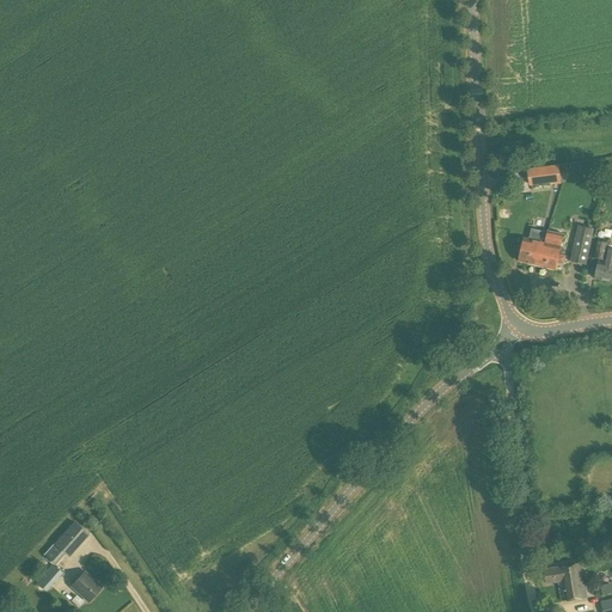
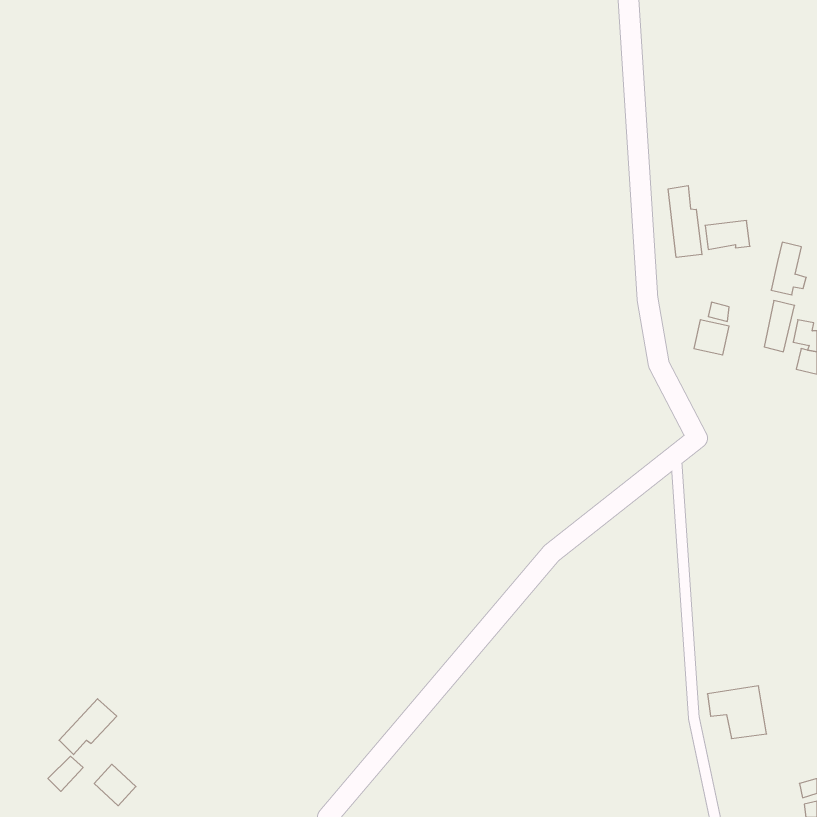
building: none -> [668,186,702,257]
building: [540,230,567,269] -> [771,242,806,295]
building: [544,561,588,600] -> [707,686,767,739]

